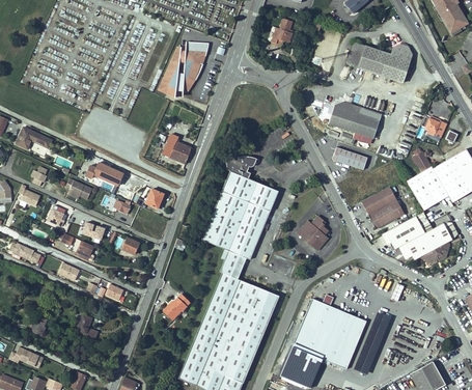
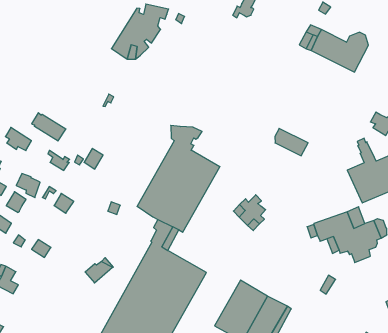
building: [324,100,374,138] -> none
building: [168,134,193,163] -> none
building: [357,186,399,228] -> none

